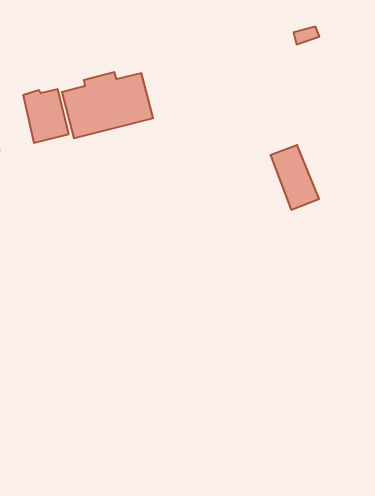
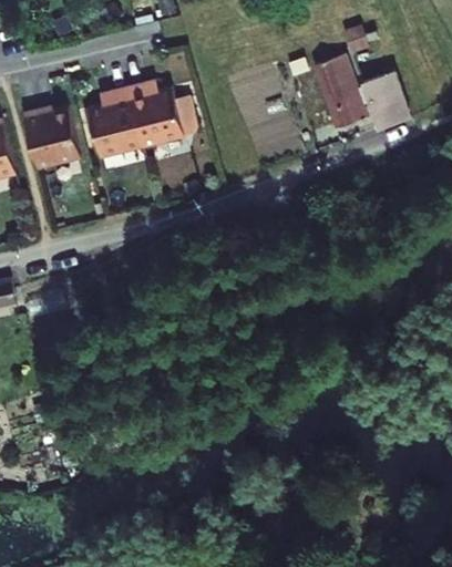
building: none -> [359,66,411,128]
building: [270,145,319,210] -> [311,55,366,127]

